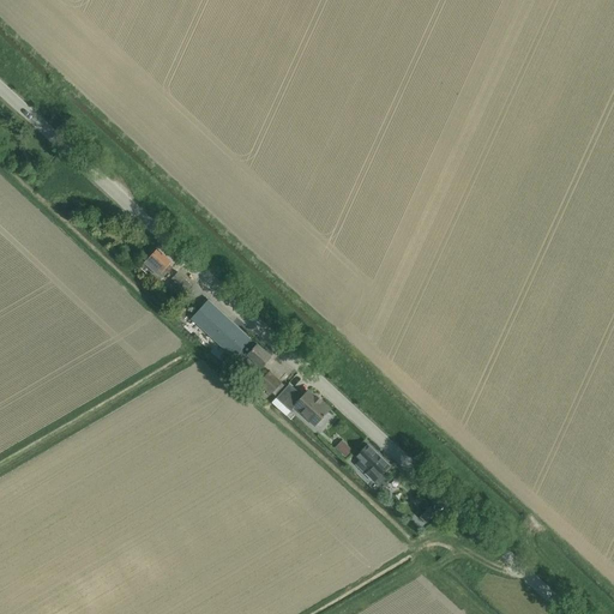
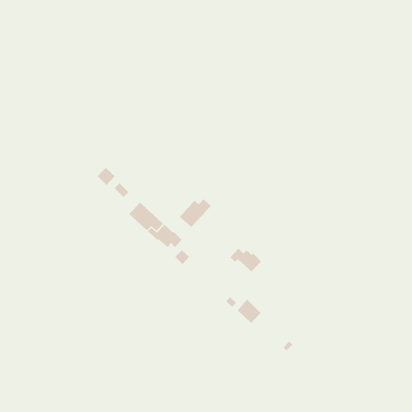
building: none -> [179,198,211,228]
building: [282,389,330,425] -> [230,248,262,272]

